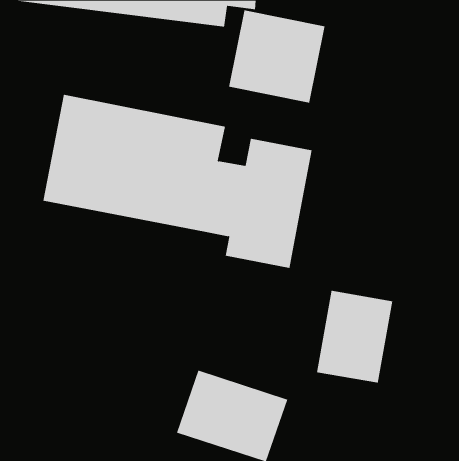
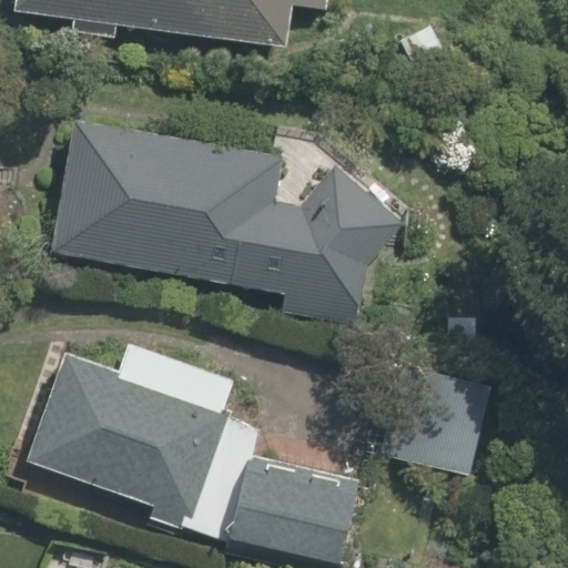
building: [229,9,325,103] -> none
building: none -> [27,353,219,521]

